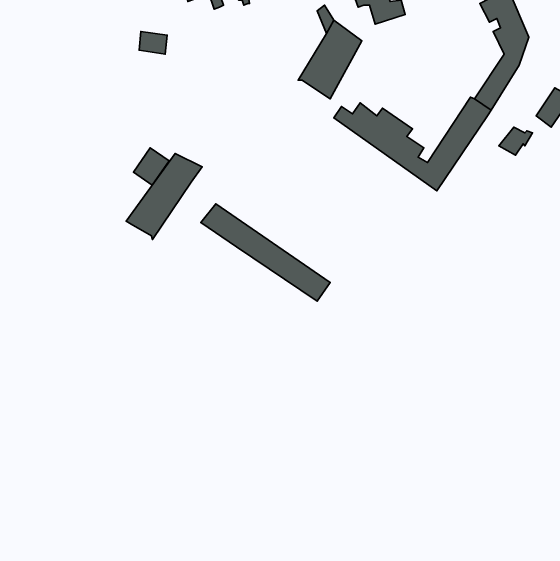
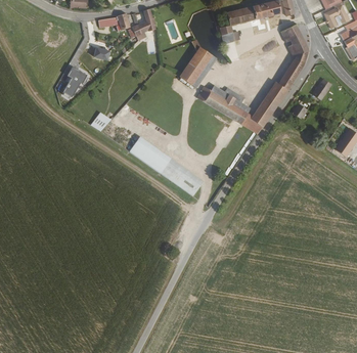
building: none -> [61,67,88,97]
building: [126,153,202,239] -> none

